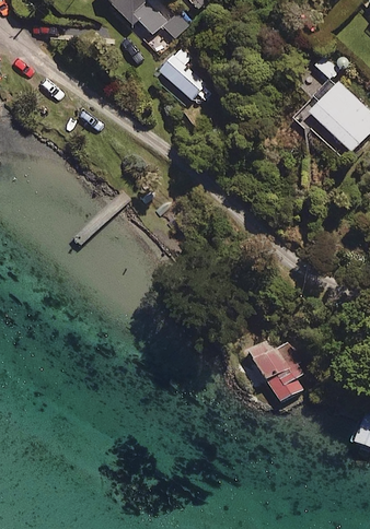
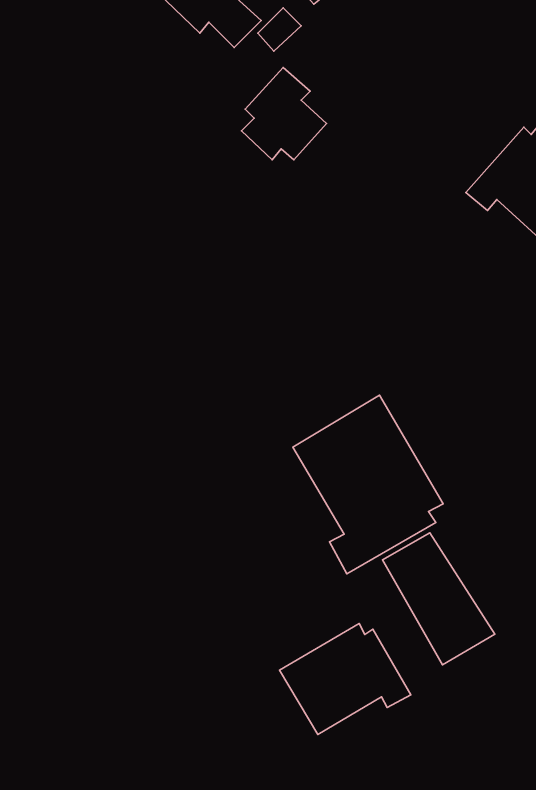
building: none -> [293,395,443,574]
building: none -> [279,624,411,734]

